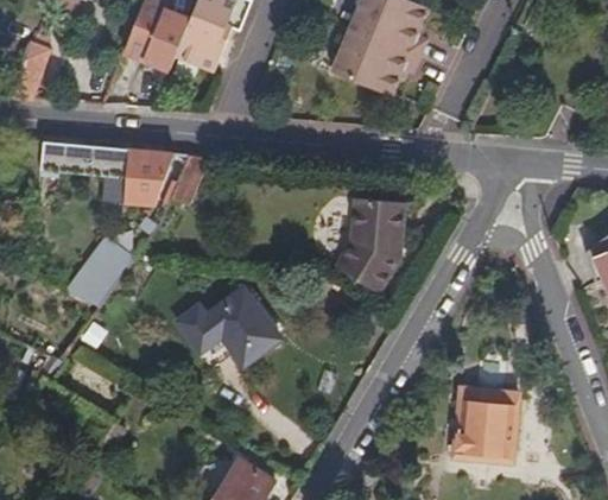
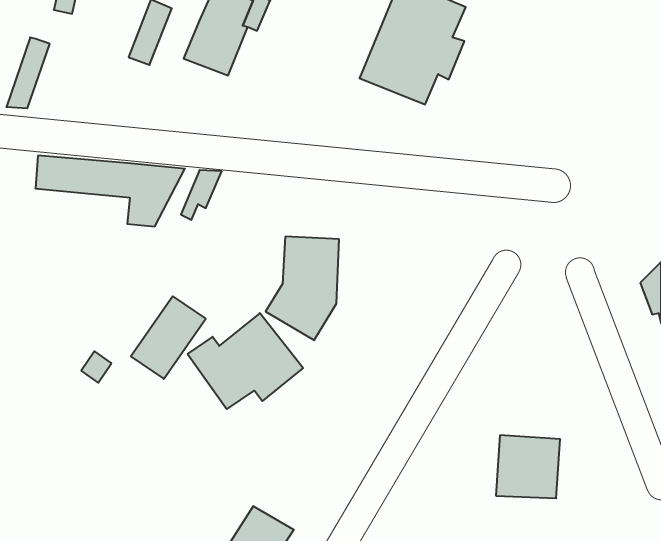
building: [142,8,188,70] -> none
building: [336,197,403,291] -> [266,237,339,340]
building: [69,232,137,306] -> [131,296,206,379]

